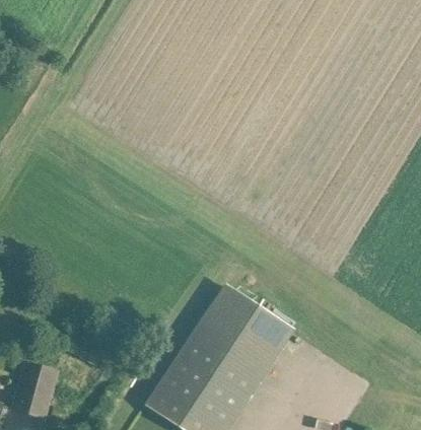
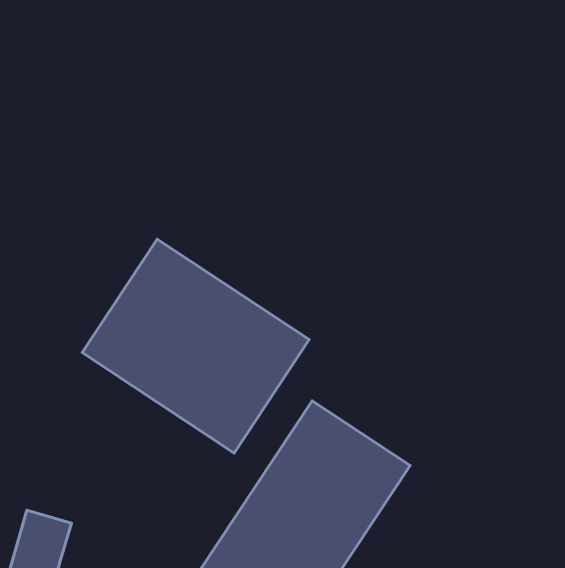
building: none -> [82,239,309,453]

